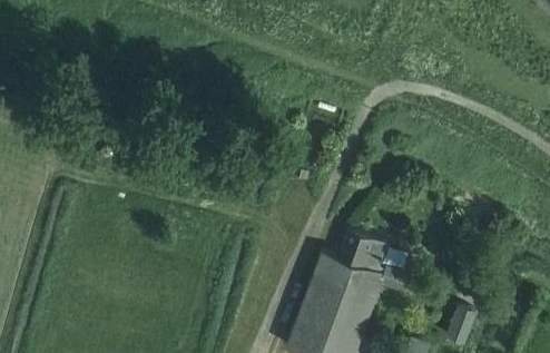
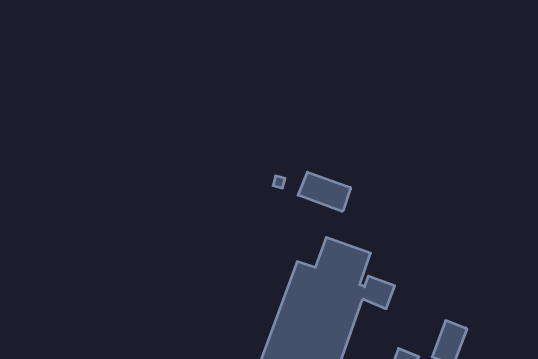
building: none -> [298,172,351,211]

